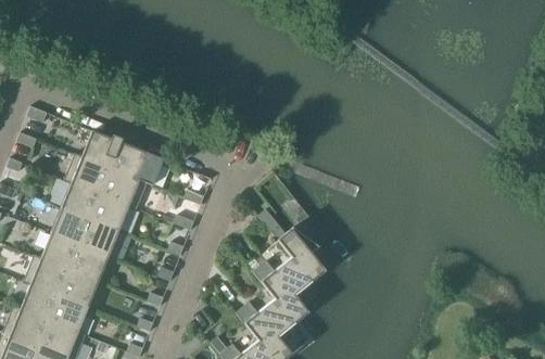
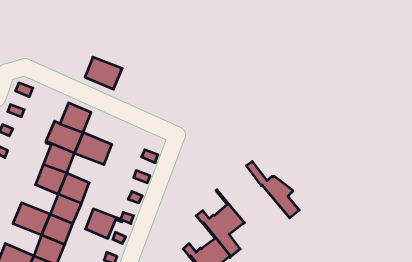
building: [111,142,157,182] -> [85,57,122,89]
building: [90,193,137,230] -> [85,209,123,238]
building: [258,209,325,280] -> [246,161,299,218]
building: [34,232,79,269] -> none
building: [13,281,59,321] -> none

